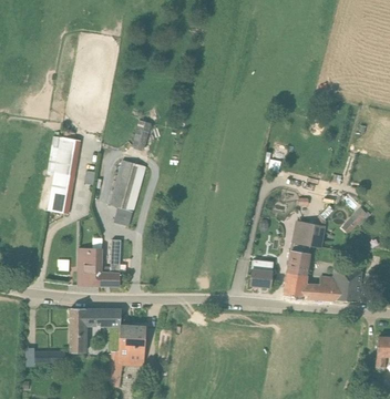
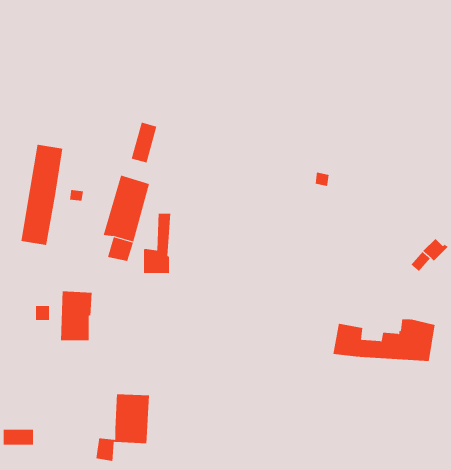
building: [287,215,325,275] -> none
building: [100,239,121,286] -> [143,213,171,275]
building: [249,259,273,286] -> none
building: [70,308,121,352] -> none

